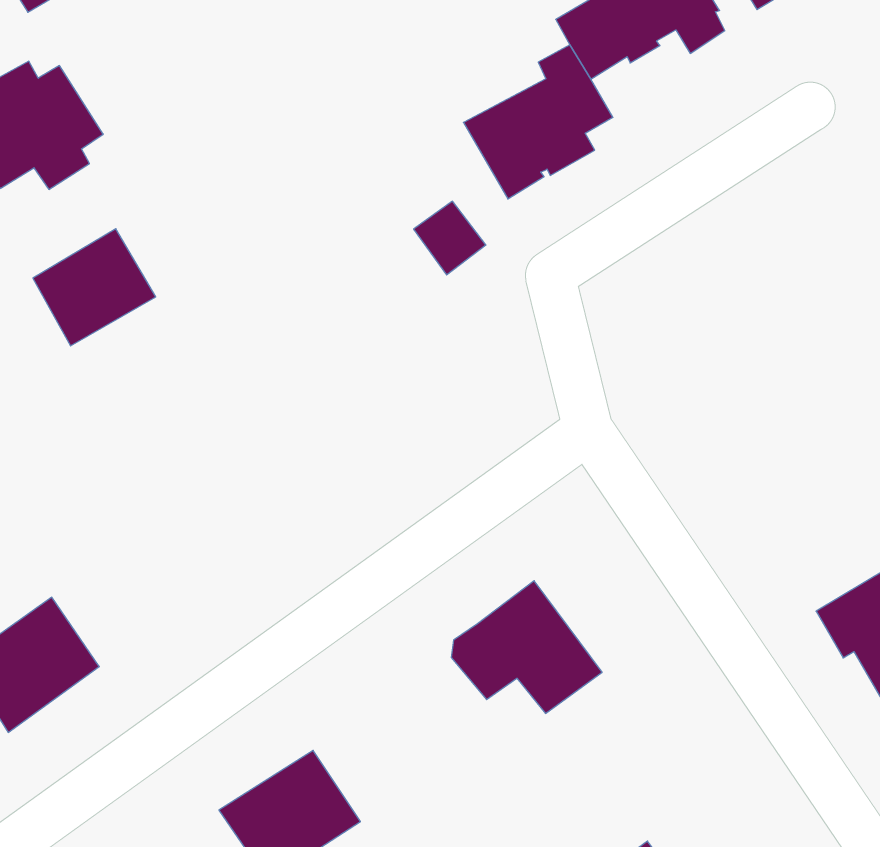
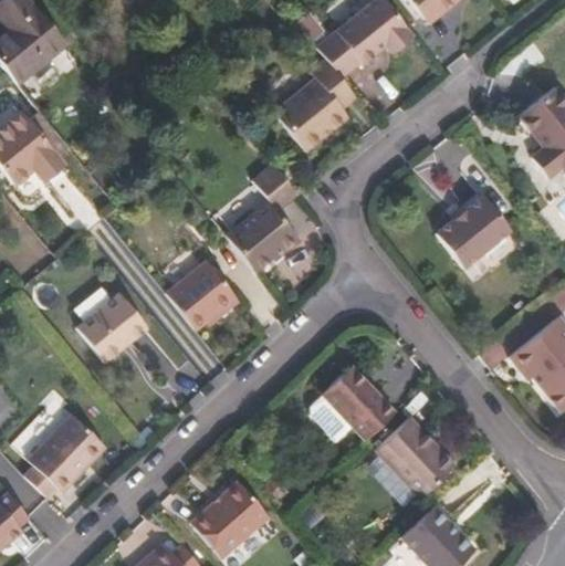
building: [33,229,156,346] -> [79,294,149,364]
building: none -> [224,199,299,271]
building: none -> [436,198,509,270]
building: none -> [167,259,239,329]
building: none -> [375,416,453,495]

